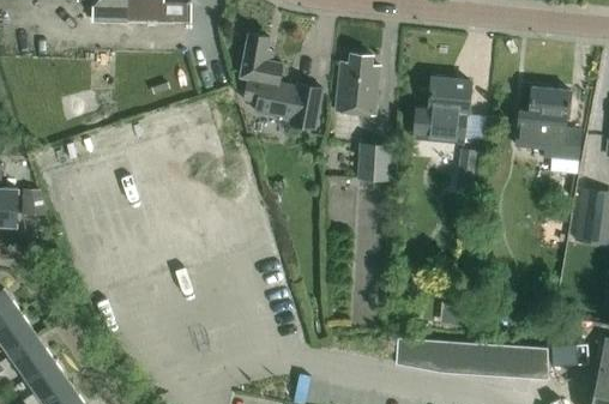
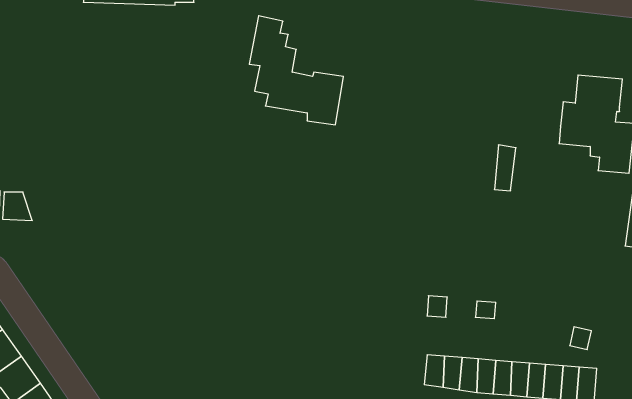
building: [337,54,381,116] -> none
building: [414,76,472,143] -> none
building: [357,143,392,180] -> none

